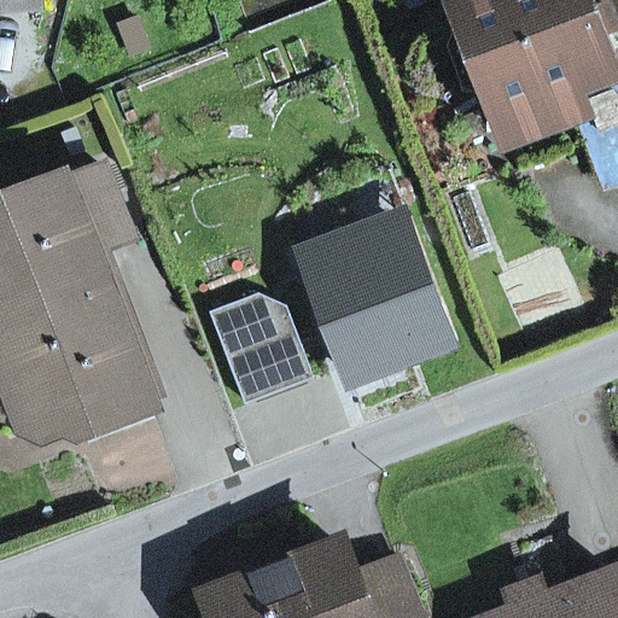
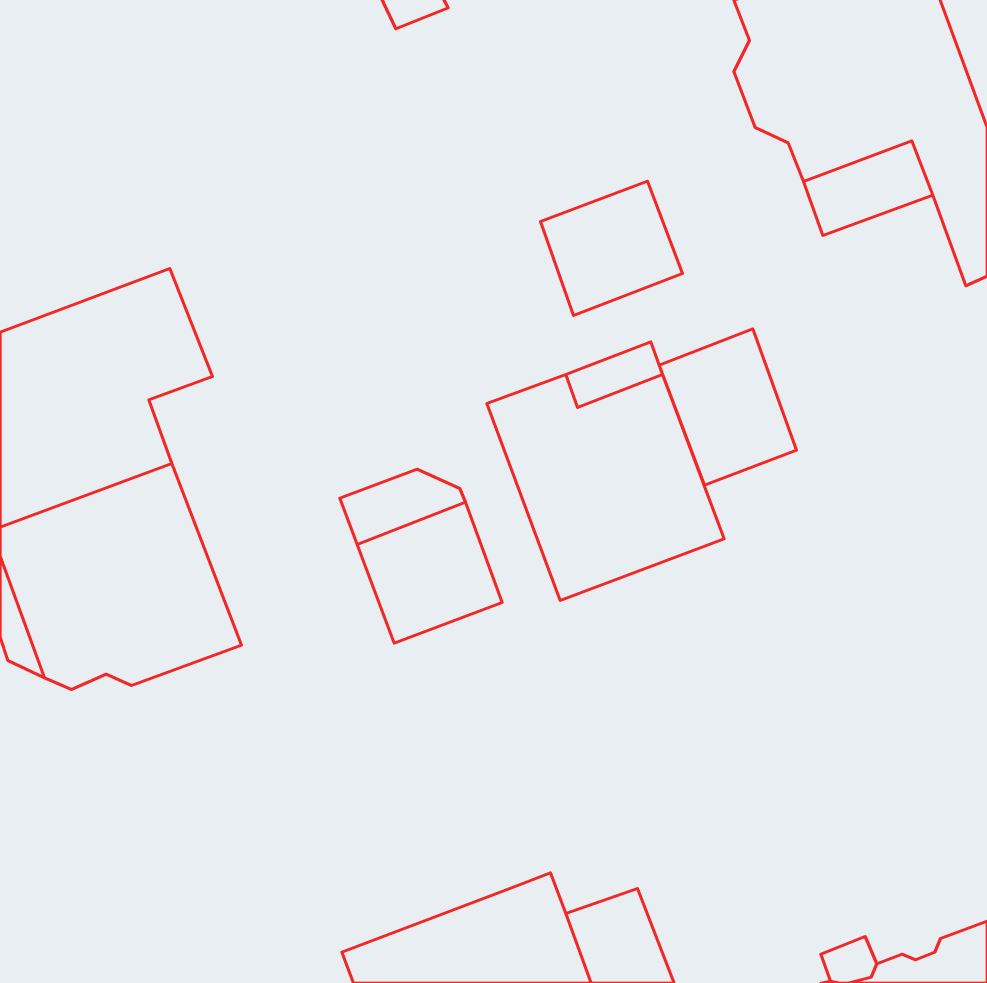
building: none -> [540,181,682,315]
building: none -> [659,329,797,485]

